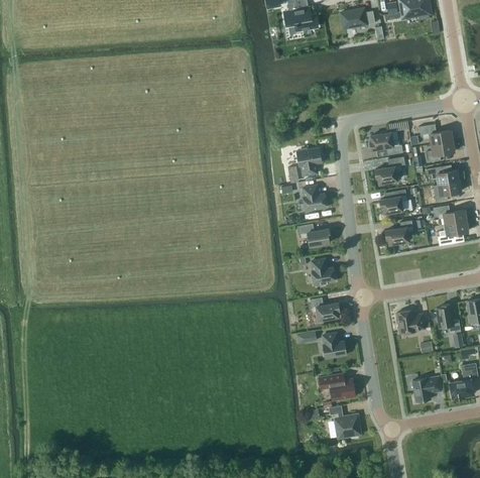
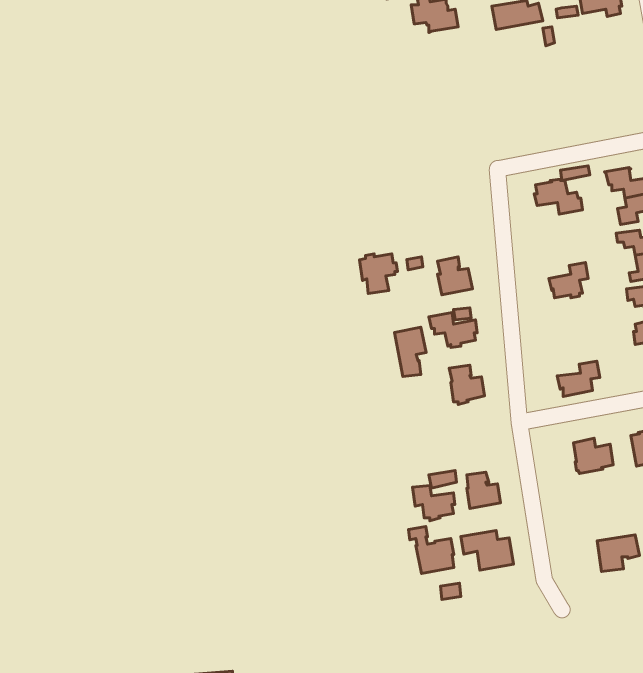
building: [296,147,323,174] -> [360,254,398,294]
building: [374,156,404,183] -> none
building: [384,220,413,244] -> [557,361,600,396]
building: none -> [395,327,426,376]
building: [310,297,339,322] -> [412,486,455,521]
building: [329,405,360,438] -> [408,527,454,573]

